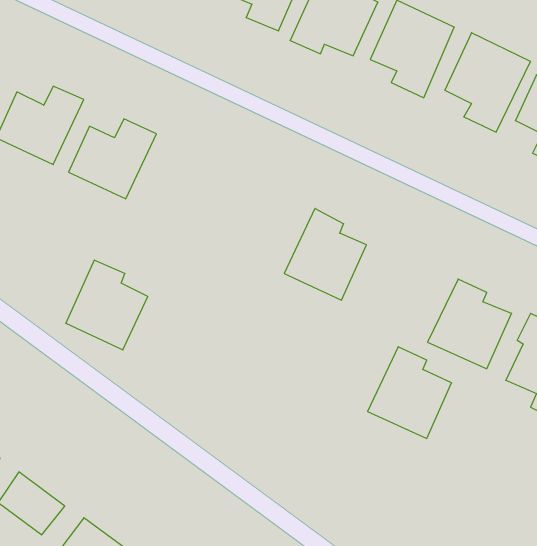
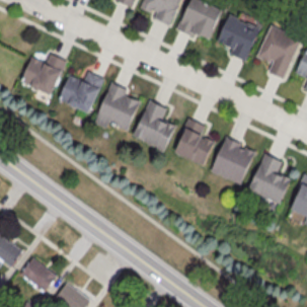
building: none -> [133,102,176,150]
building: [66,260,148,350] -> [95,83,139,131]
building: [368,347,452,438] -> [209,137,253,185]

